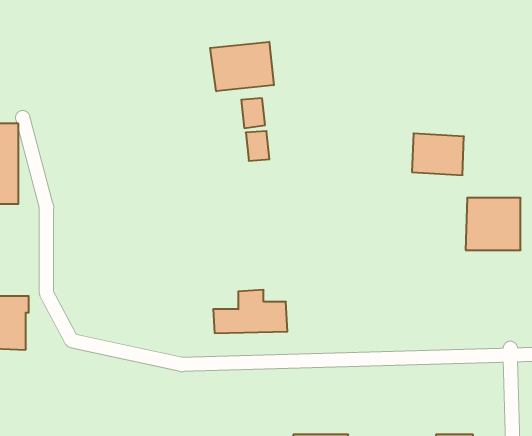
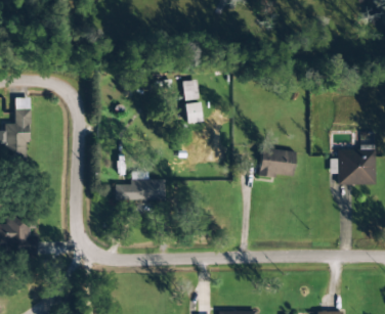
building: [210,42,274,91] -> none
building: [412,133,464,175] -> [259,148,295,177]
building: [213,290,287,333] -> [114,171,165,200]

